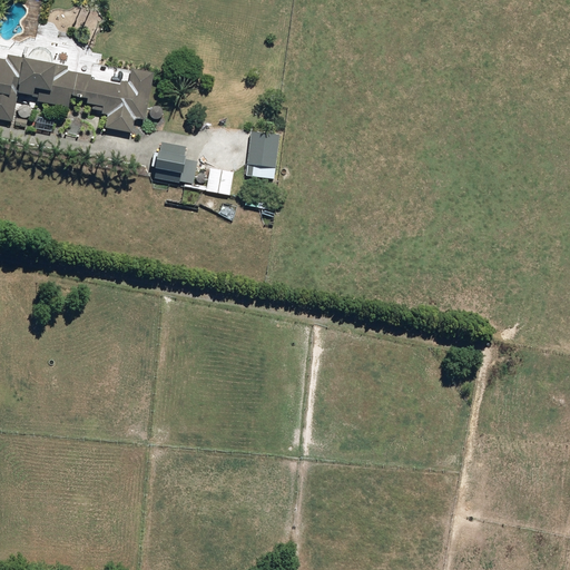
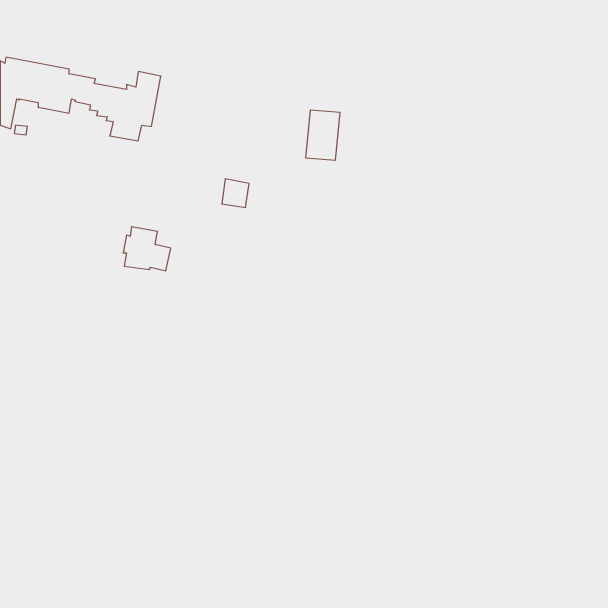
building: [245,130,277,177] -> [306,110,340,160]
building: [153,141,197,183] -> [123,227,171,271]

